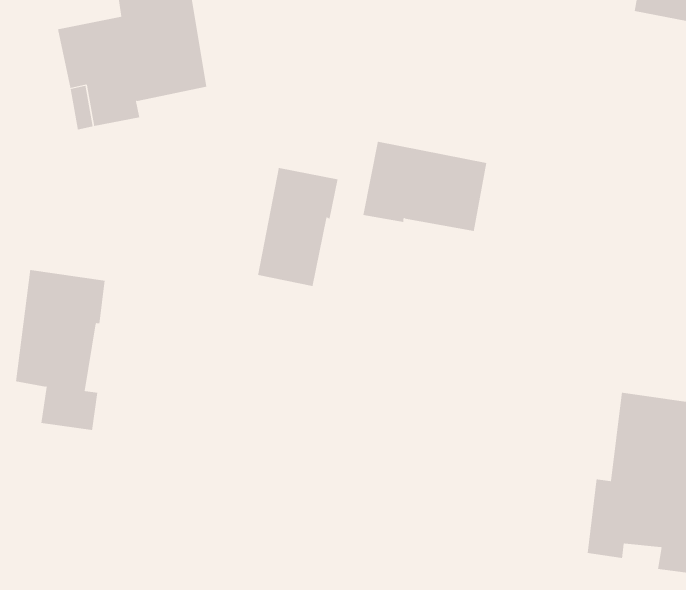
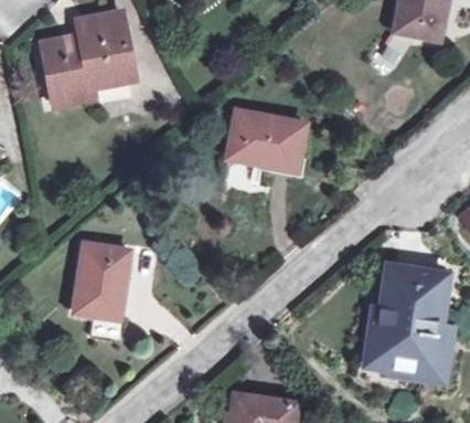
building: [258,167,338,287] -> none
building: [15,270,106,430] -> [74,243,129,341]

